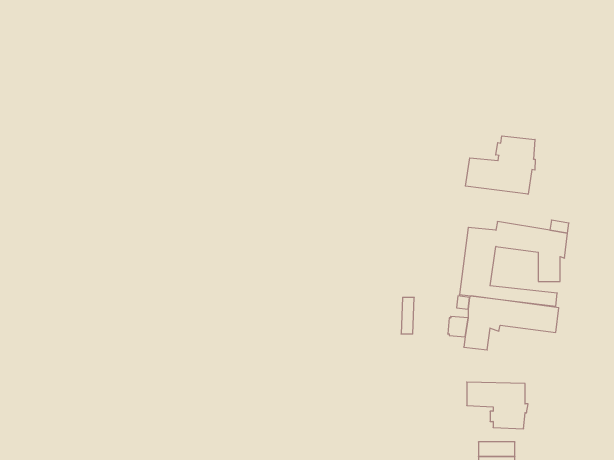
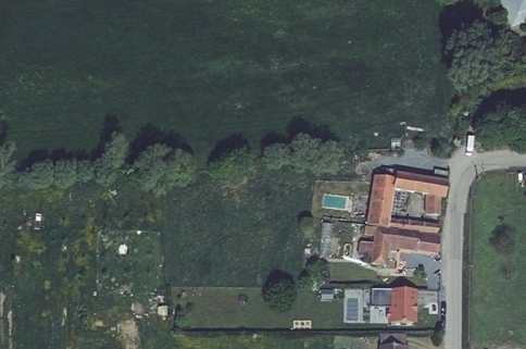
building: [465,136,535,194] -> none

